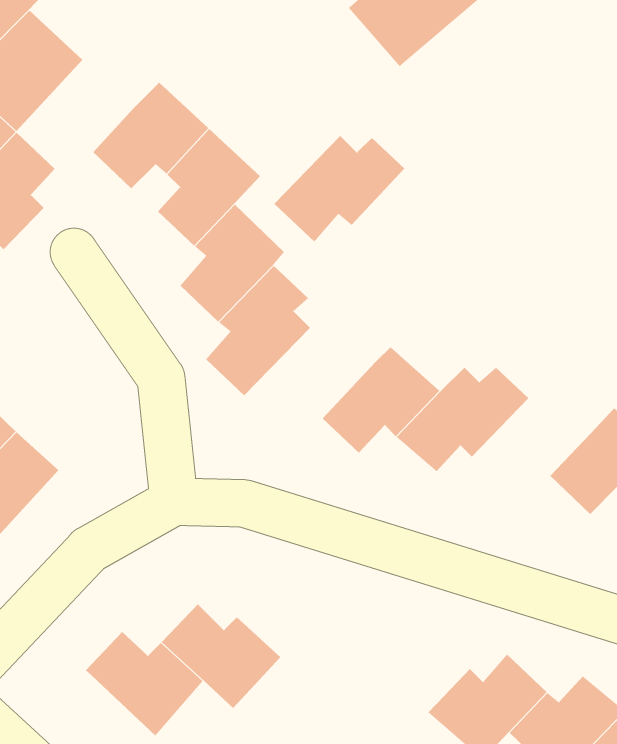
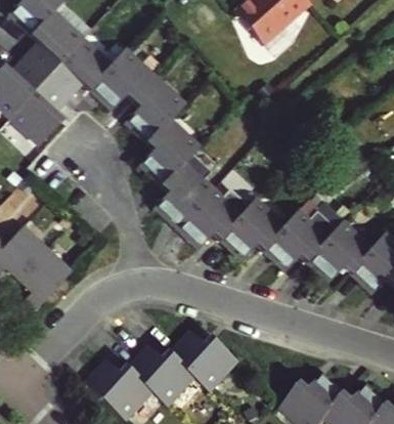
building: none -> [49,41,114,101]
building: [274,135,405,243] -> [175,189,248,249]
building: none -> [301,221,366,283]
building: none -> [171,328,237,386]

